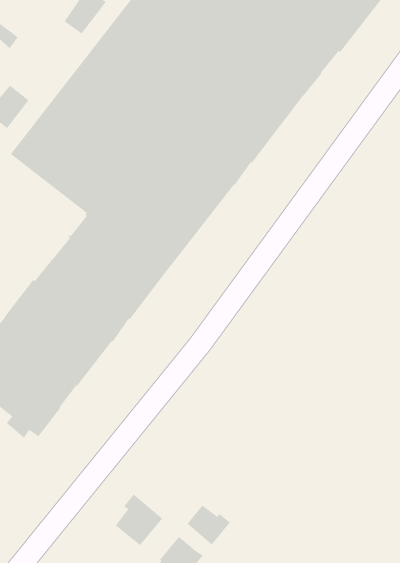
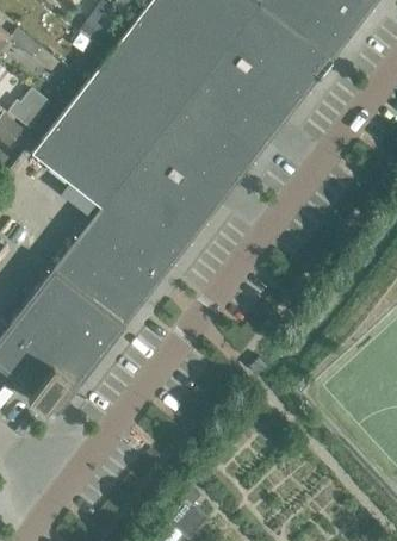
building: [115,494,163,546] -> none
building: [186,504,231,545] -> none

